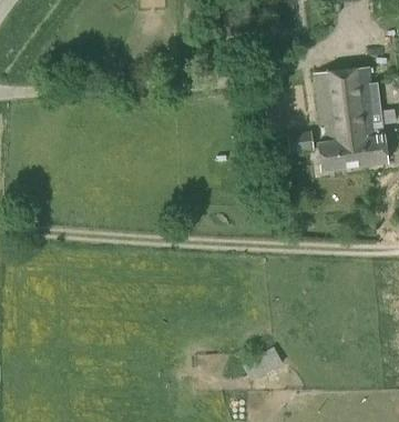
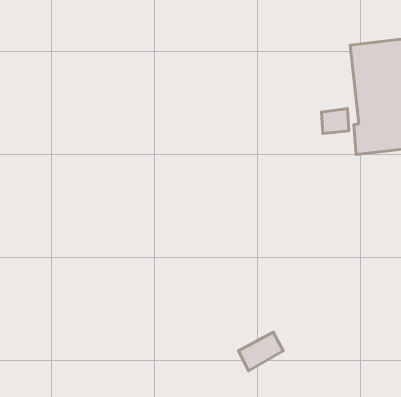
building: [244,345,284,380] -> [238,332,283,371]

